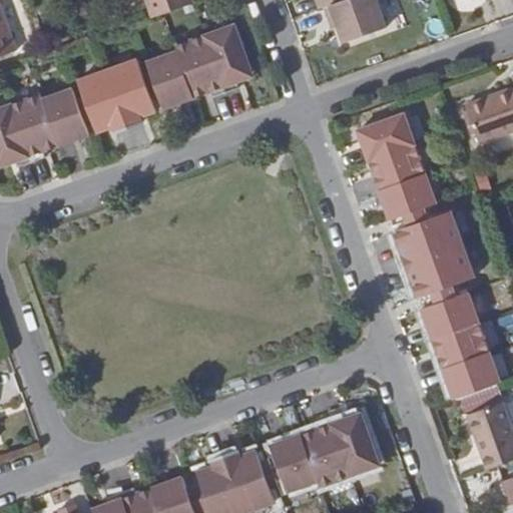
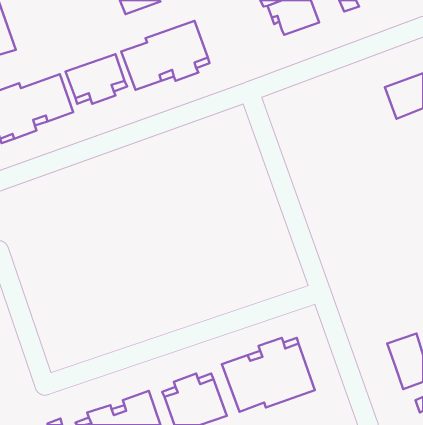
building: [357,113,435,219] -> none
building: [393,210,473,298] -> none
building: [421,293,499,399] -> none

